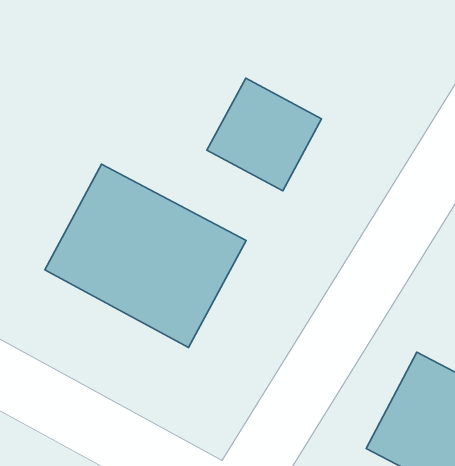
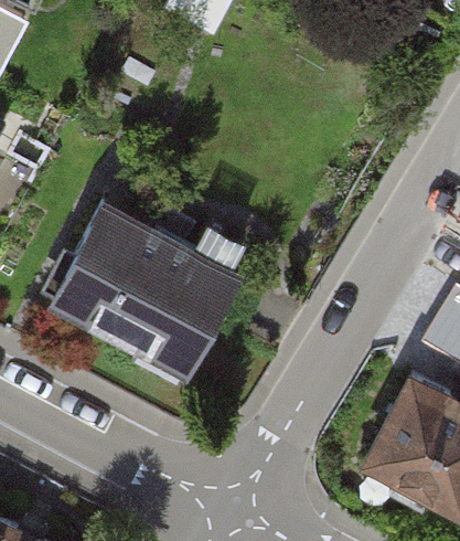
building: [207,78,322,191] -> none

